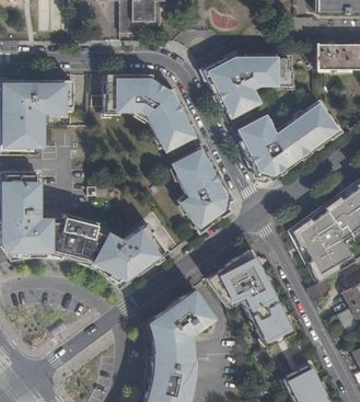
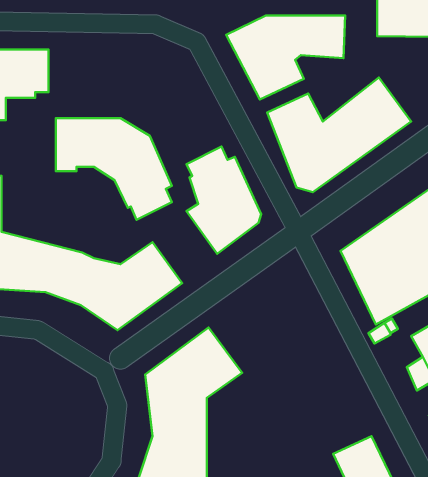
building: [104,73,190,149] -> [56,118,172,220]
building: [209,245,291,346] -> none

